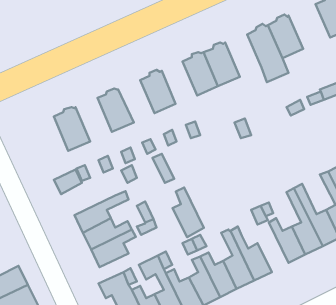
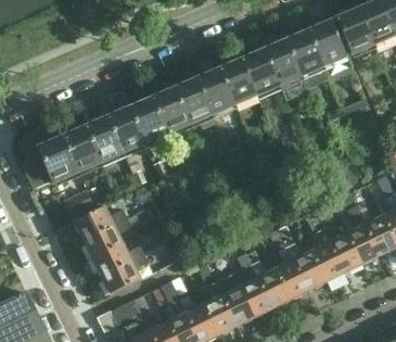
building: none -> [307,20,345,65]
building: none -> [241,49,279,94]
building: none -> [175,77,216,127]
building: none -> [129,97,167,142]
building: none -> [85,115,123,162]
building: none -> [21,136,77,189]
building: none -> [75,206,126,239]
building: [173,187,204,237] -> [274,246,307,299]

